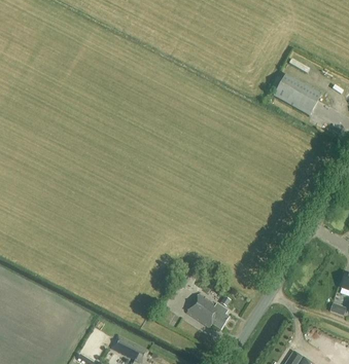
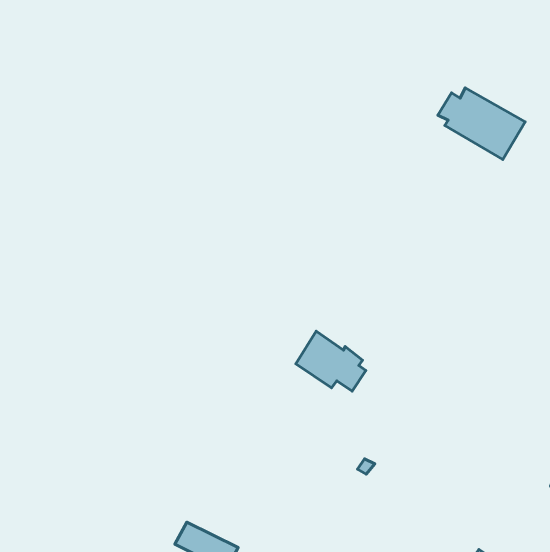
building: [187,293,230,329] -> [296,331,366,391]

